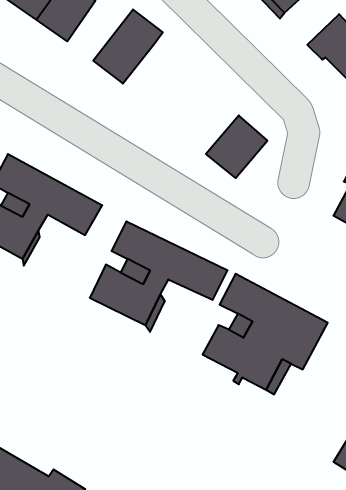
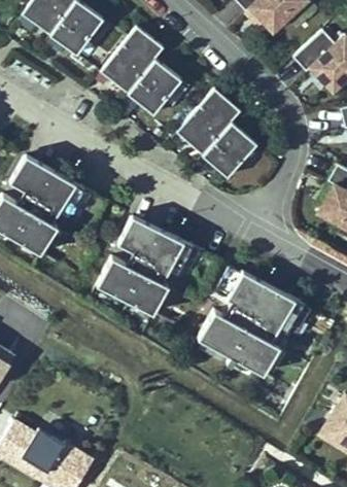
building: none -> [128,58,182,113]
building: none -> [177,90,241,156]

